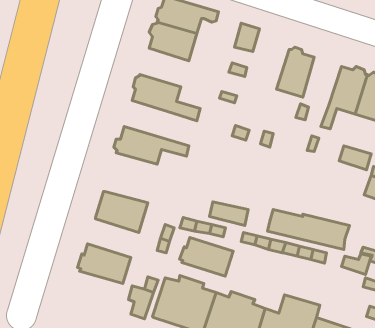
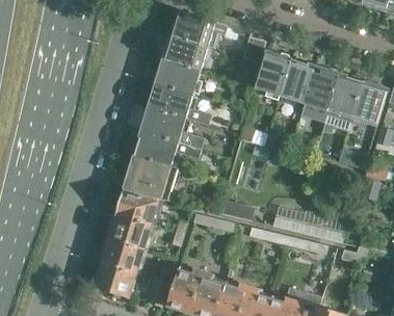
building: none -> [256,52,292,97]
building: none -> [155,59,201,95]
building: none -> [305,68,340,111]
building: none -> [141,107,204,149]
building: none -> [124,155,178,201]
building: [180,238,233,276] -> [106,215,155,251]
building: none -> [94,263,137,301]

